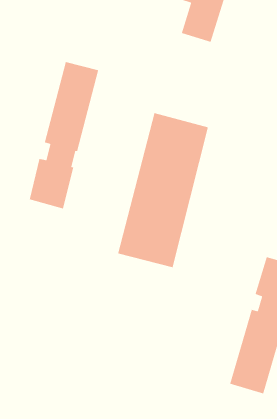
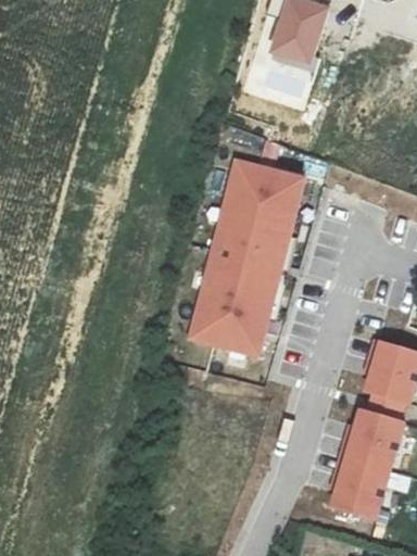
building: [29,61,99,209] -> none

